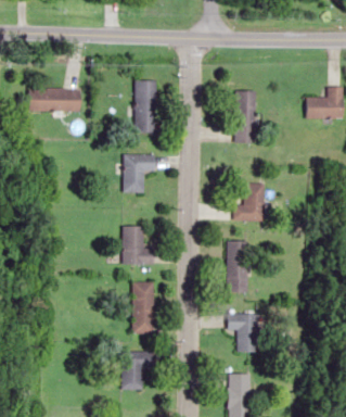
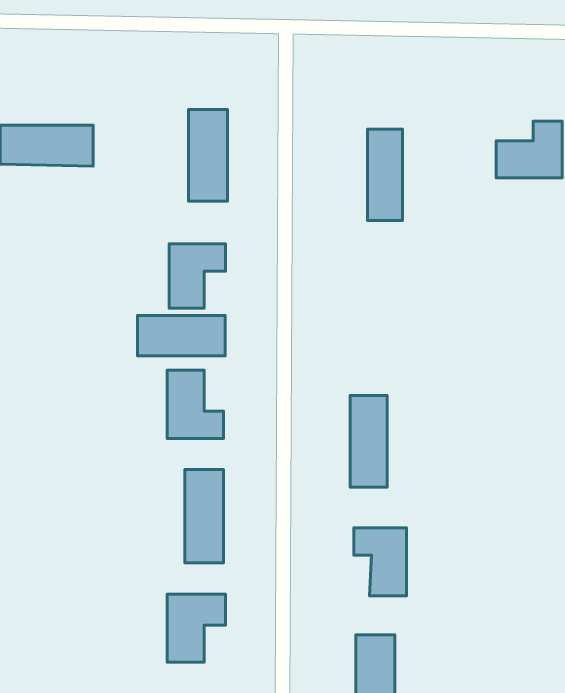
building: [231,184,261,220] -> none
building: none -> [138,316,225,356]

